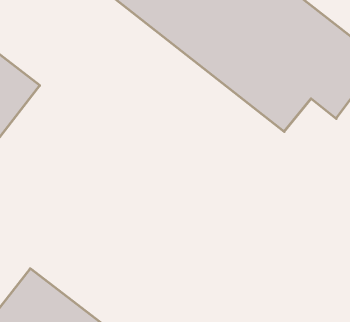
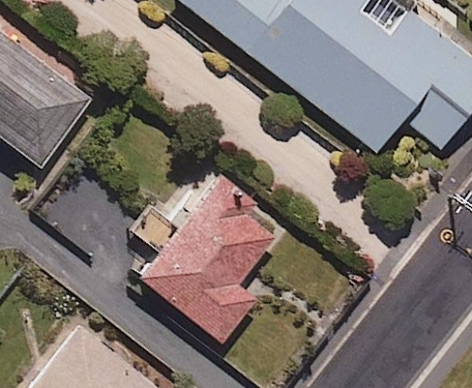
building: none -> [142,176,273,340]

